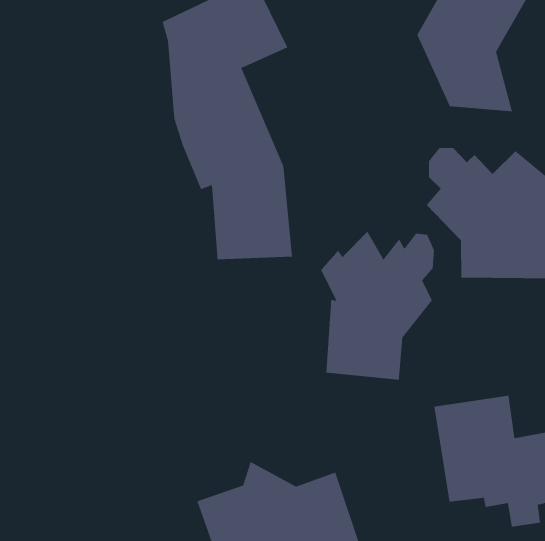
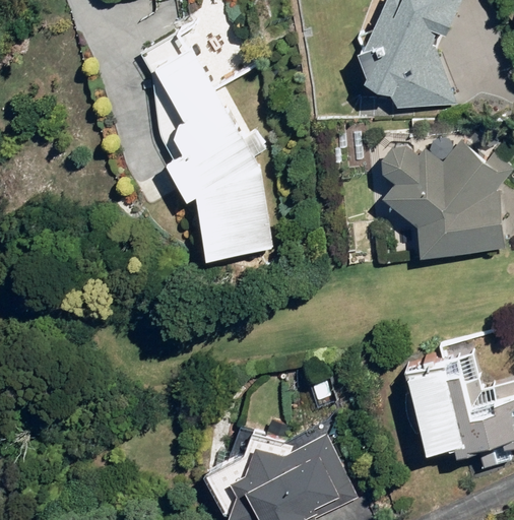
building: [321,231,434,380] -> none

